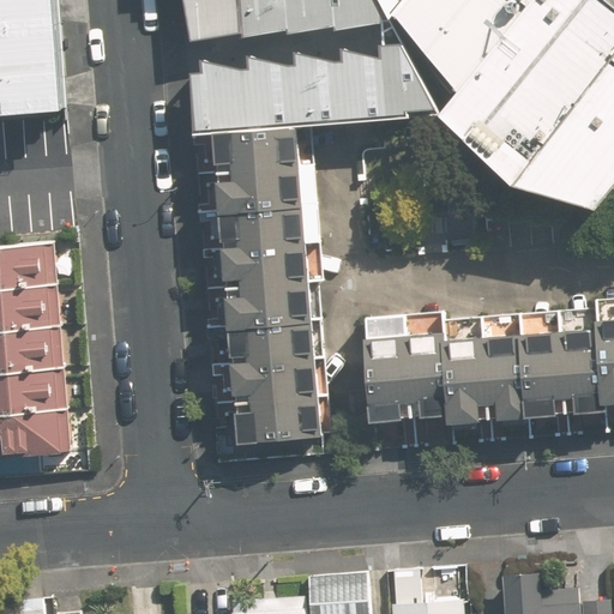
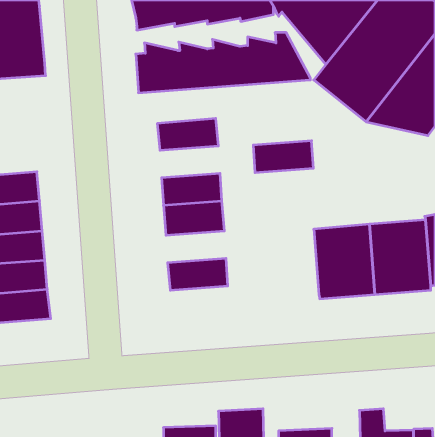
building: [216,126,301,175] -> none
building: [223,206,307,251] -> [253,141,313,173]
building: [360,315,445,420] -> none
building: [231,325,315,369] -> none
building: [237,402,321,446] -> none

